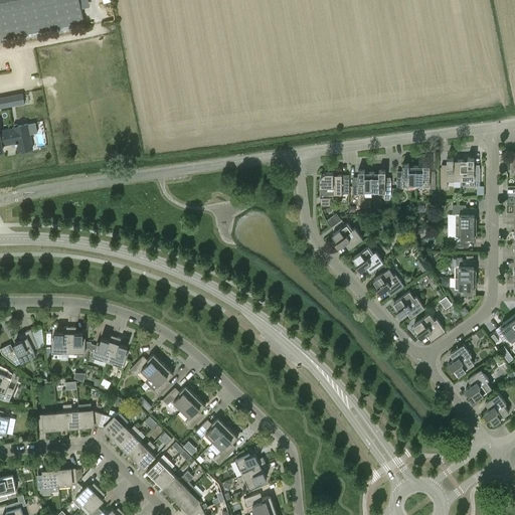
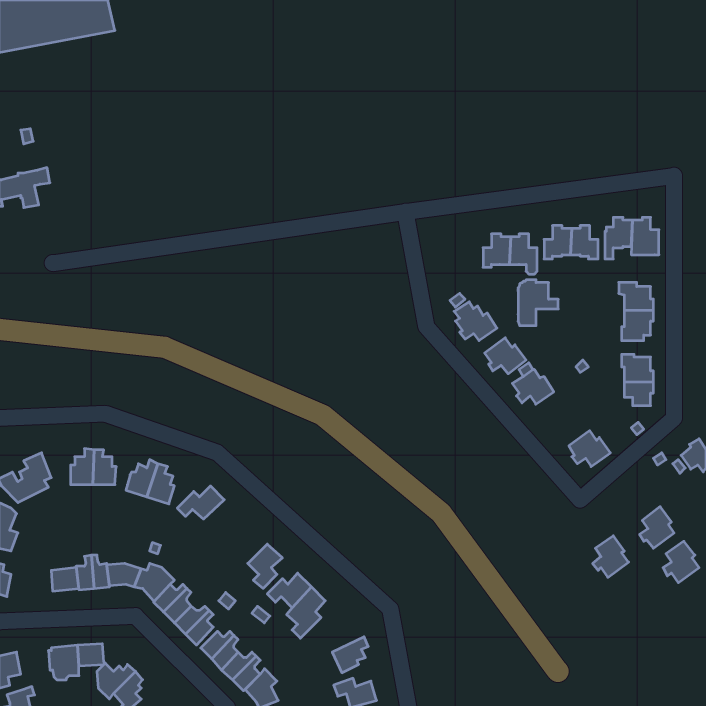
building: [319,173,348,206] -> [518,280,558,326]
building: [392,292,422,318] -> none
building: [447,345,473,375] -> [593,536,629,577]
building: [144,364,173,397] -> none
building: [162,386,194,410] -> none
building: [234,452,265,475] -> none

